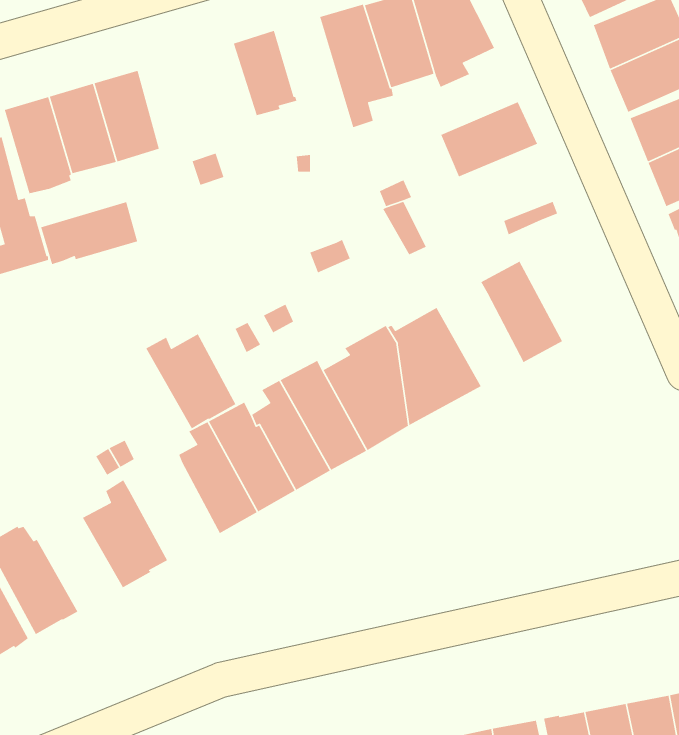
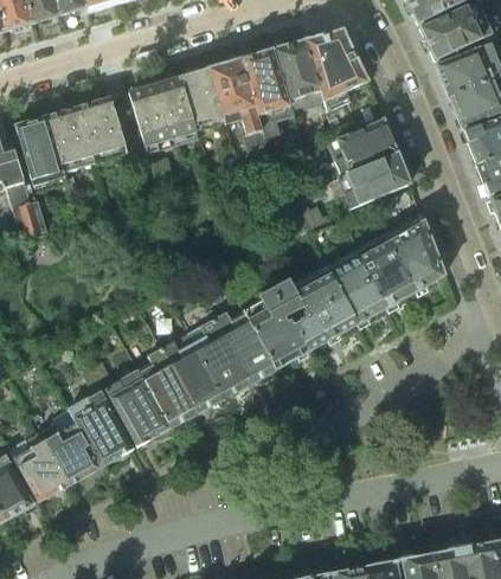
building: none -> [210,58,268,149]
building: none -> [130,77,198,146]
building: none -> [338,153,410,208]
building: [40,201,138,265] -> none
building: none -> [385,212,444,290]
building: none -> [326,247,387,322]
building: [145,333,236,429] -> [105,377,171,445]
building: none -> [40,408,101,483]

